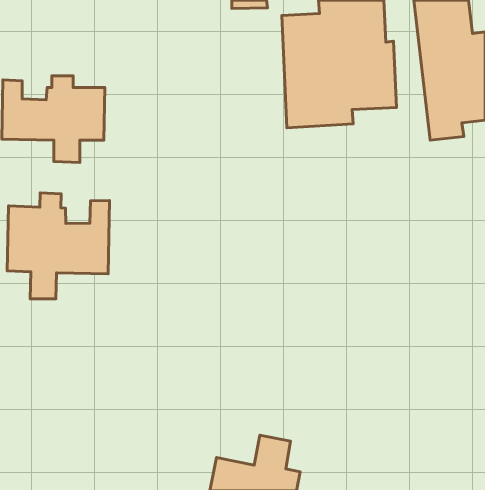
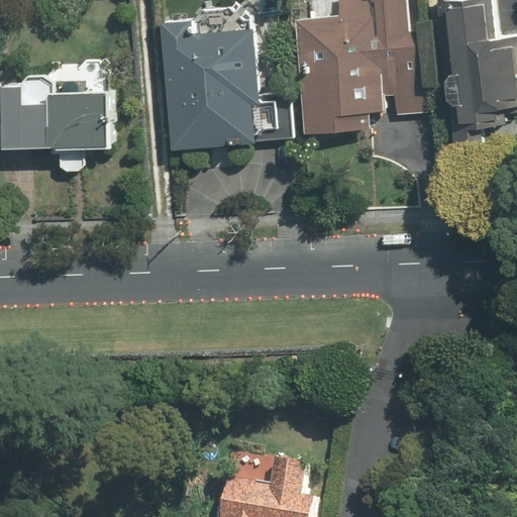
building: none -> [159,9,293,143]
building: [7,193,110,299] -> none

